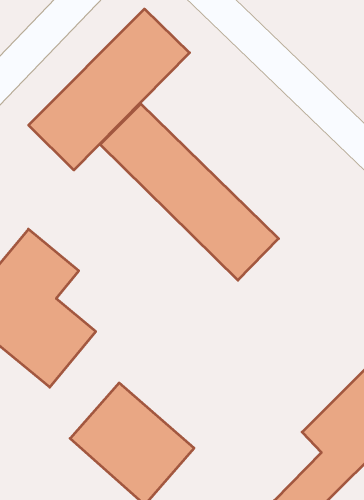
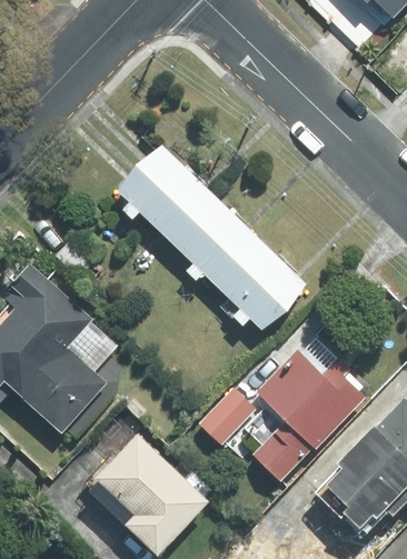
building: [29,9,190,170] -> none
building: none -> [185,336,358,476]

